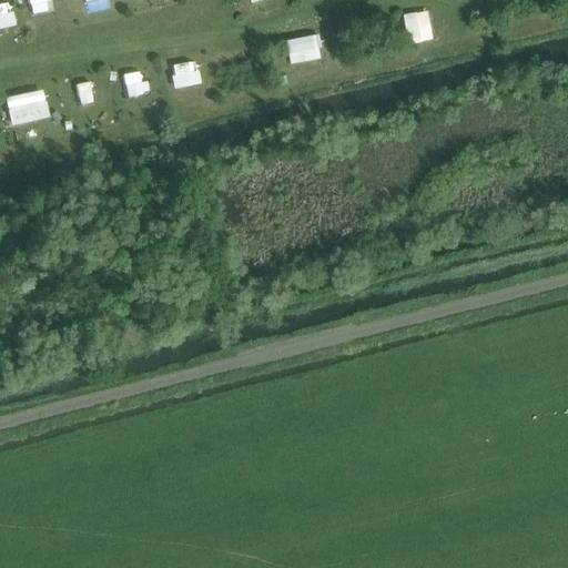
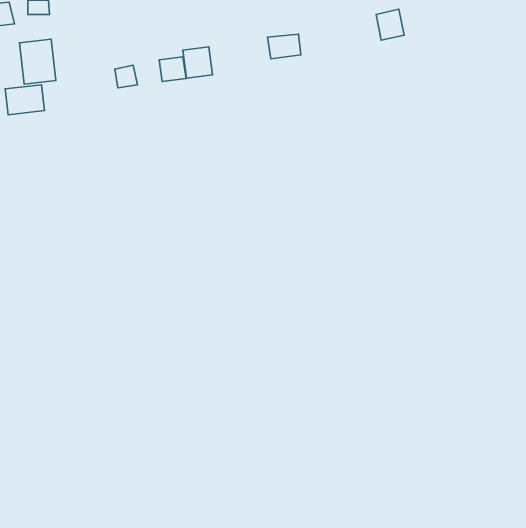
building: none -> [20,39,56,84]
building: none -> [183,47,213,78]

